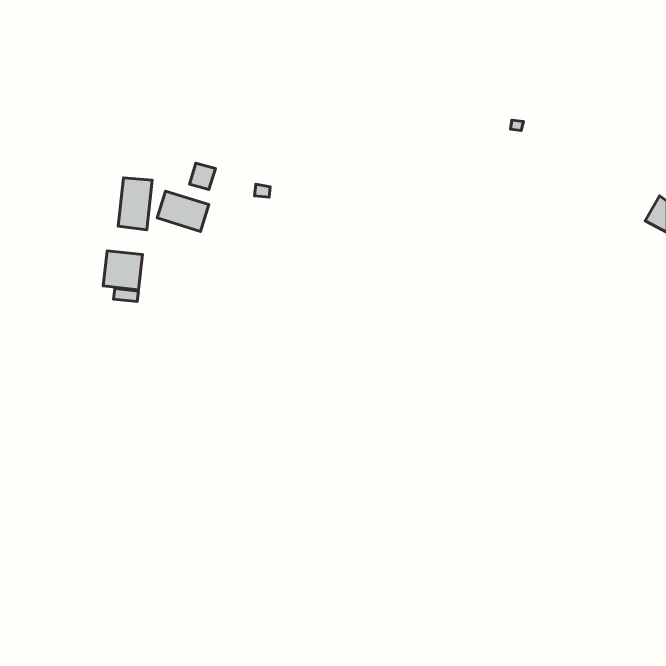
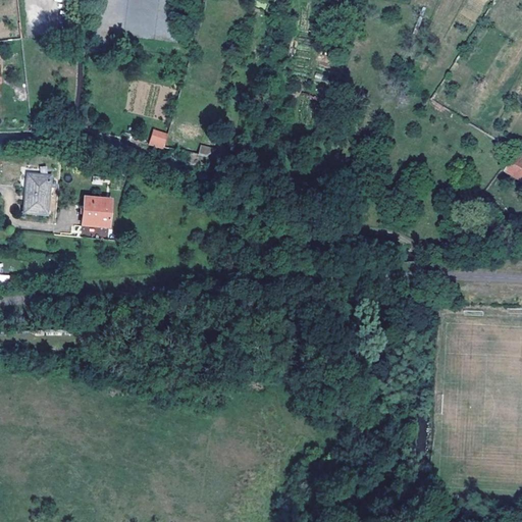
building: [118,178,152,230] -> [24,173,51,214]
building: [157,191,209,231] -> none

